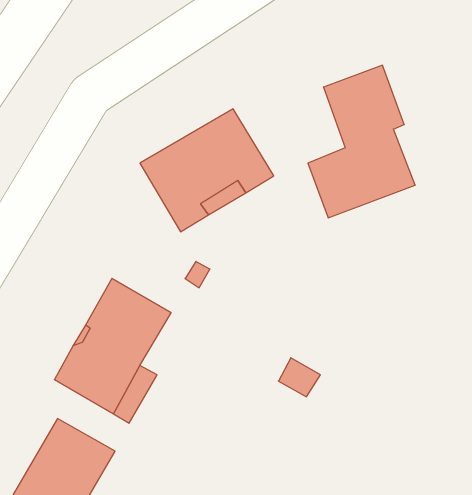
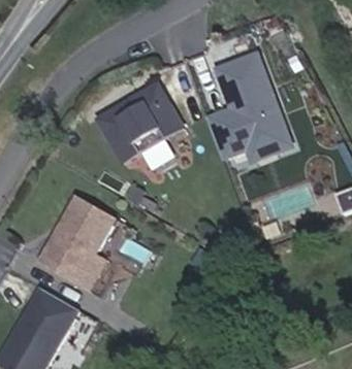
building: none -> [246,93,290,160]

